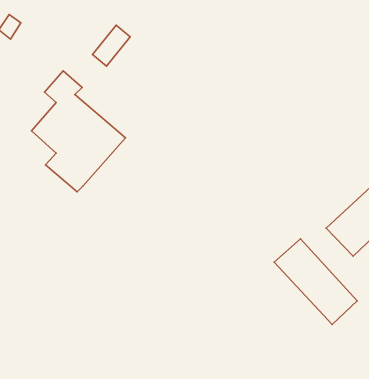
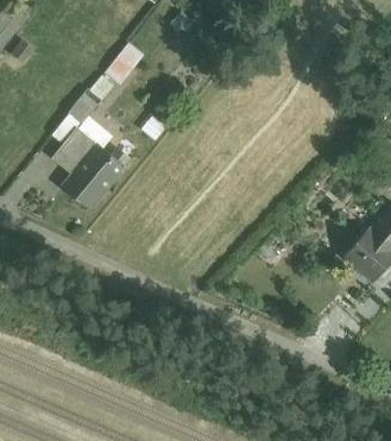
building: [274,239,357,324] -> none

